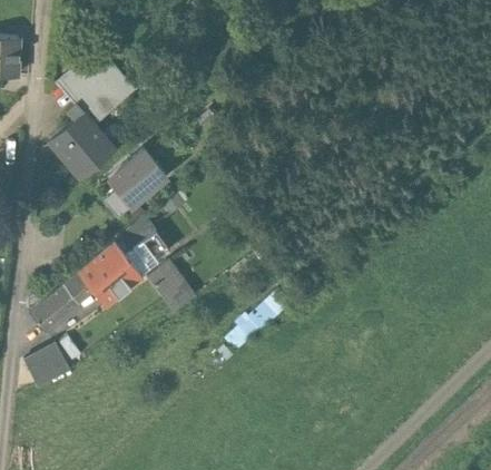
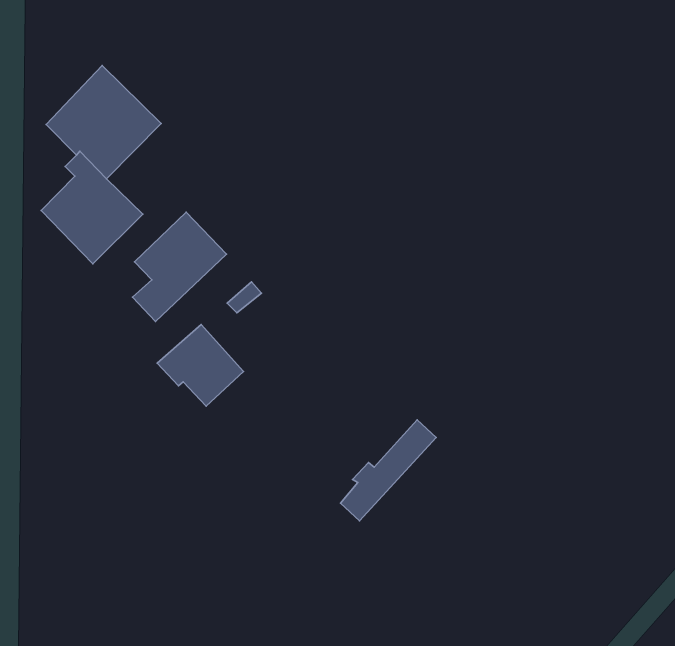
building: [31,243,141,329] -> none
building: [148,263,194,313] -> none
building: [24,344,69,385] -> none

